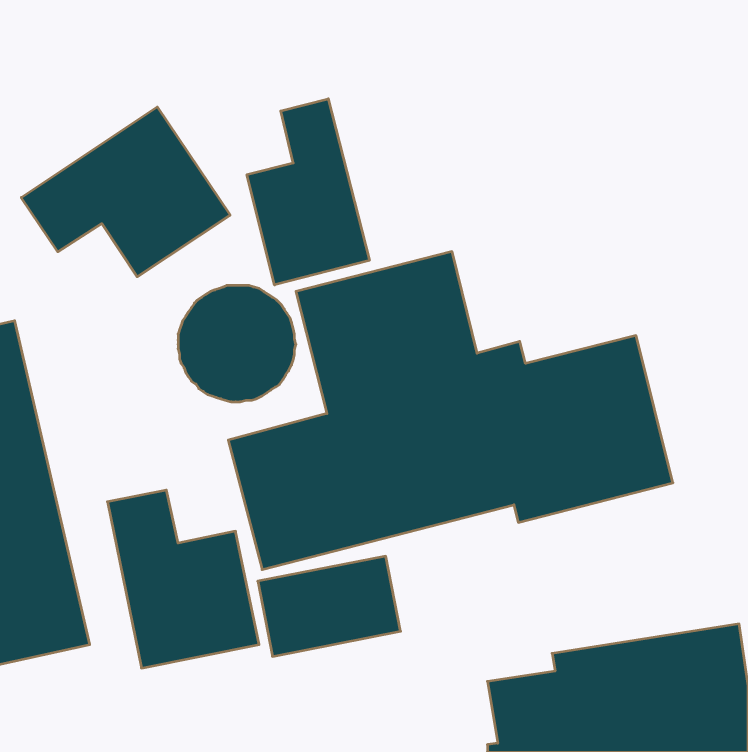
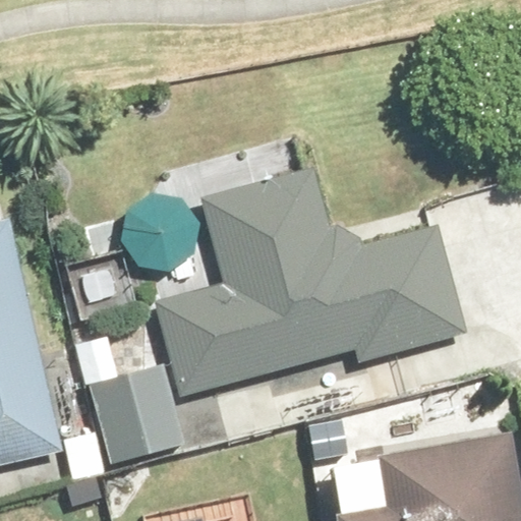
building: [247,99,369,285] -> none
building: [21,107,230,277] -> none

